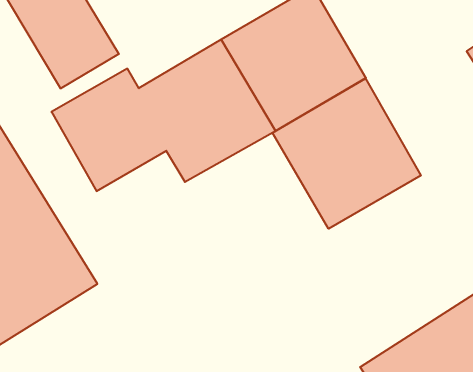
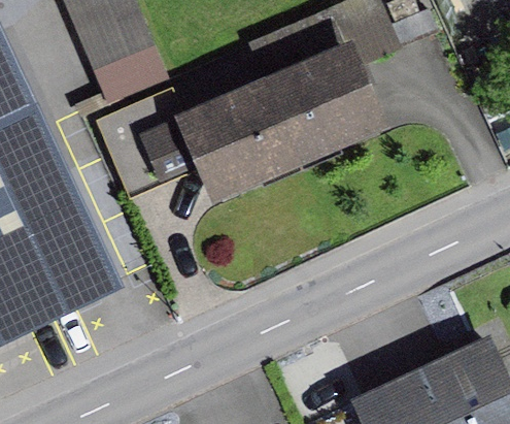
building: [272,78,421,229] -> none

